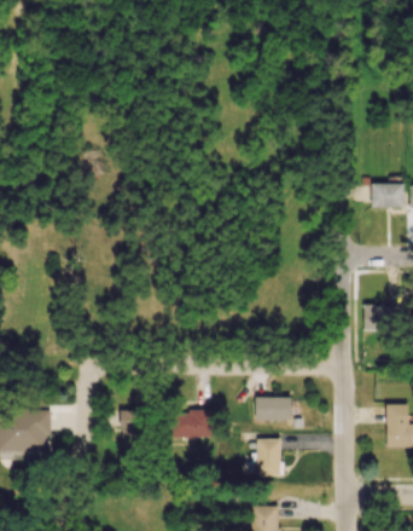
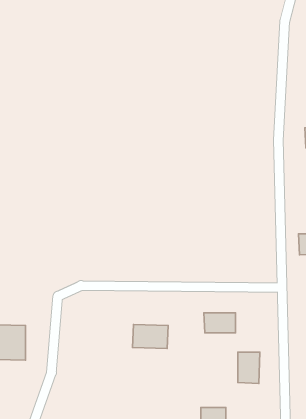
building: [120,410,144,445] -> none
building: [256,439,281,475] -> [238,352,260,384]

